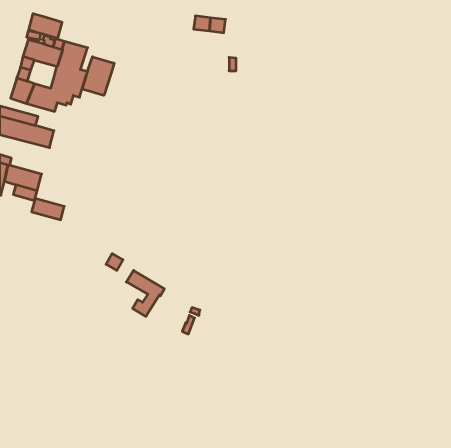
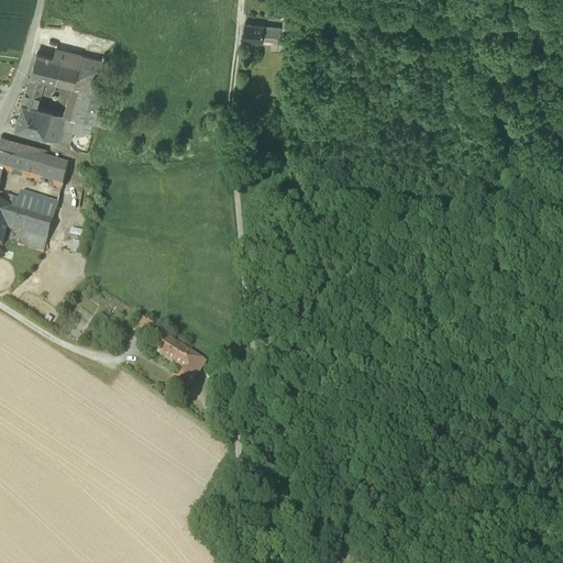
building: [29,14,62,39] -> none
building: [82,57,114,95] -> none
building: [32,198,64,220] -> [15,190,56,217]

